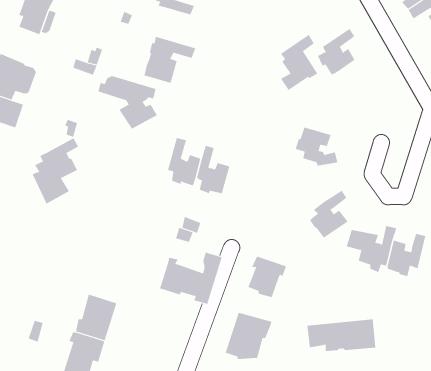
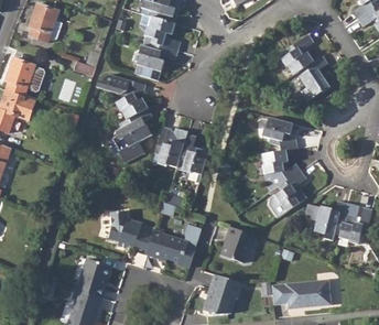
building: none -> [145,18,182,52]
building: [280,34,318,91] -> [299,55,331,102]
building: [32,137,79,204] -> [112,108,152,164]
building: none -> [261,150,302,181]
building: none -> [109,209,155,253]

